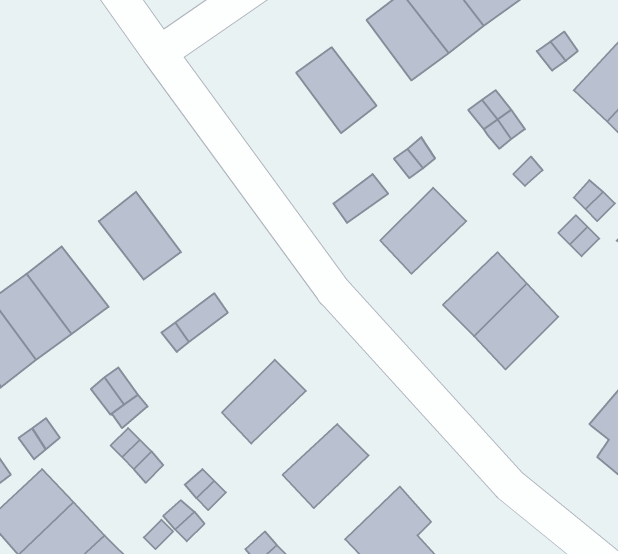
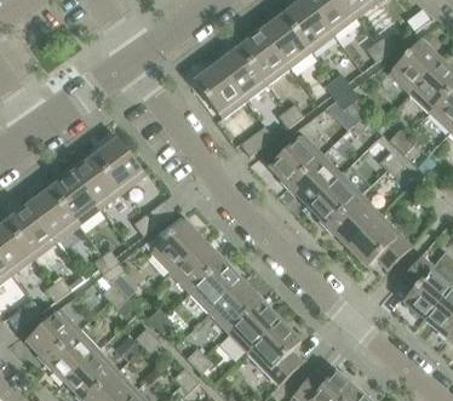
building: none -> [239,30,288,84]
building: none -> [194,63,245,118]
building: none -> [71,155,122,208]
building: none -> [288,155,342,207]
building: none -> [346,214,411,270]
building: none -> [150,220,203,274]
building: none -> [189,260,242,313]
building: none -> [228,300,281,353]

